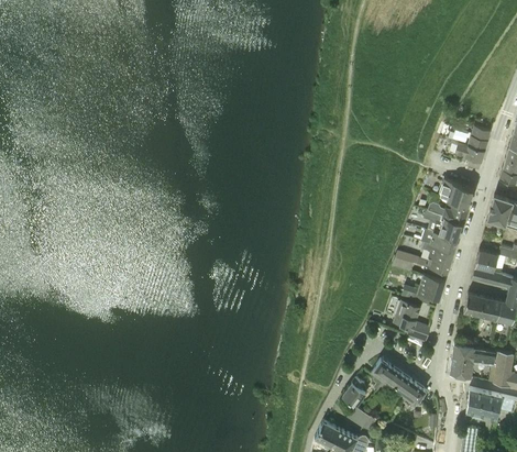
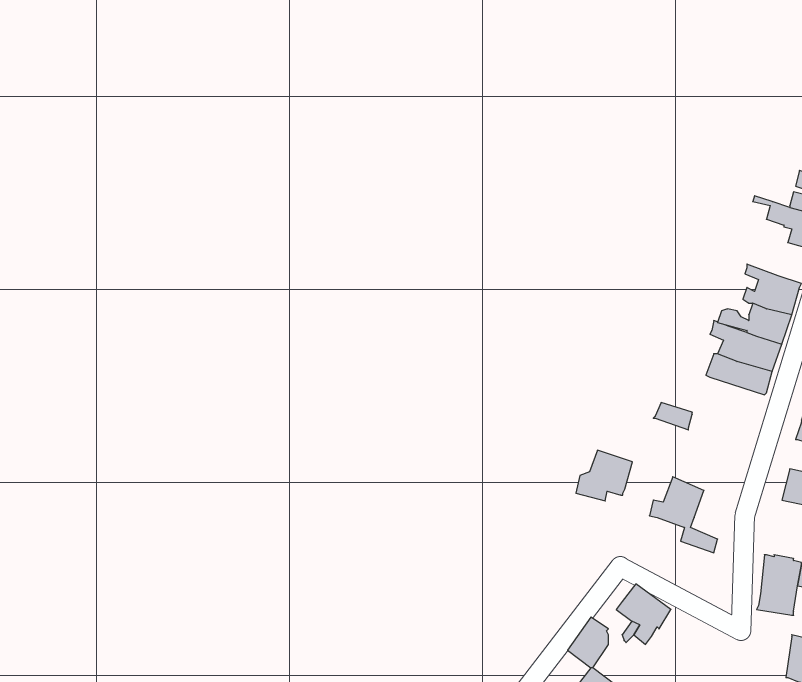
building: [418,242,454,273] -> none
building: [413,275,444,304] -> [576,450,632,501]
building: [391,373,426,406] -> none

